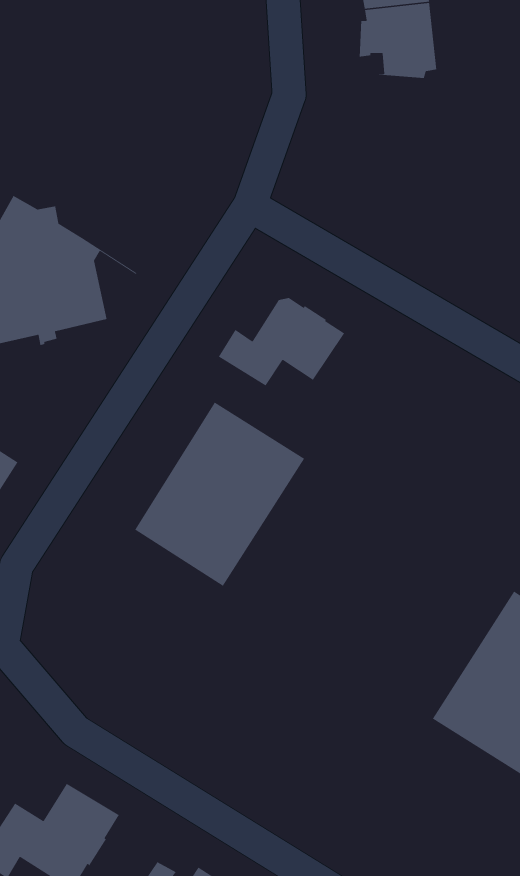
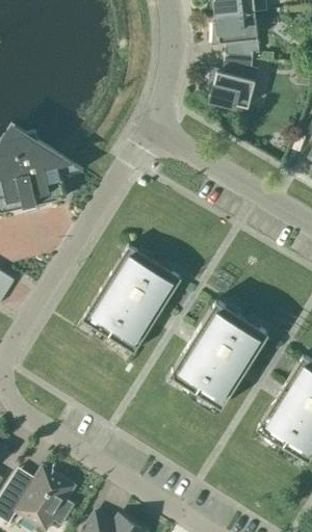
building: none -> [210,59,259,107]
building: [218,297,345,387] -> none
building: none -> [170,299,269,407]

